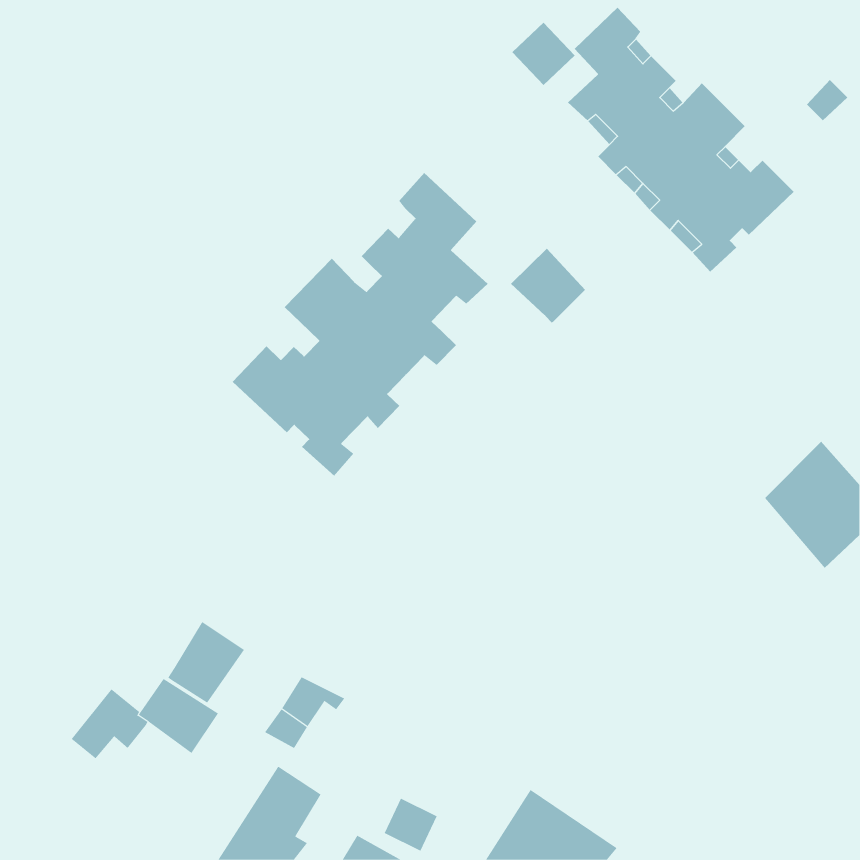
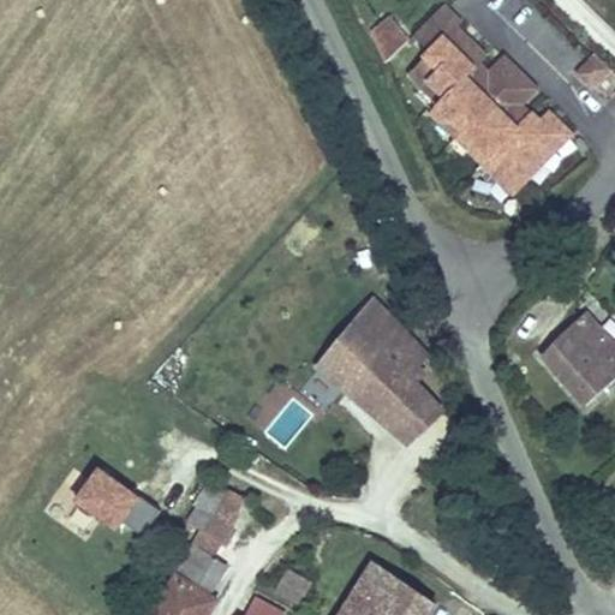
building: [232,172,488,476] -> none
building: [510,248,586,323] -> none
building: none -> [321,303,446,443]
building: [167,621,245,704] -> none

